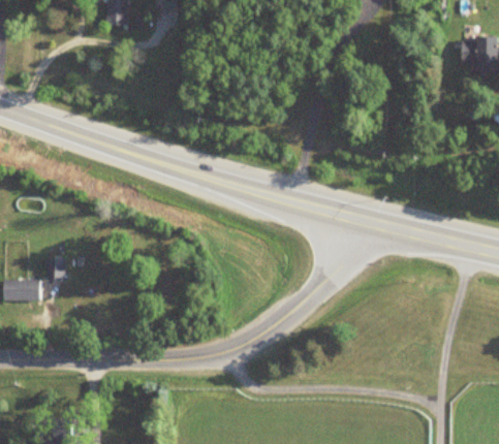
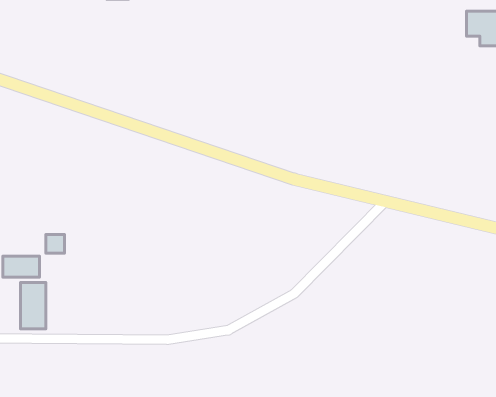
building: none -> [20,282,46,329]

